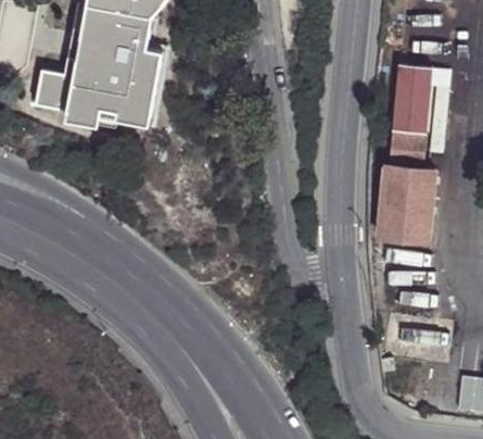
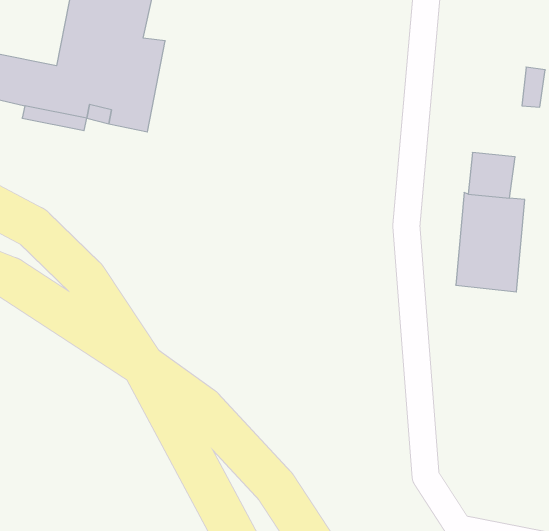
building: [396,61,437,131] -> none

